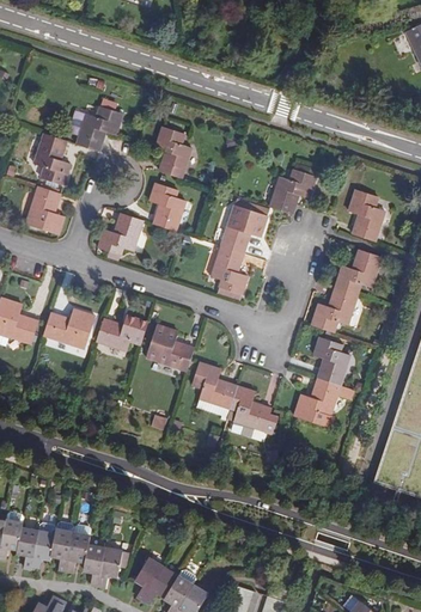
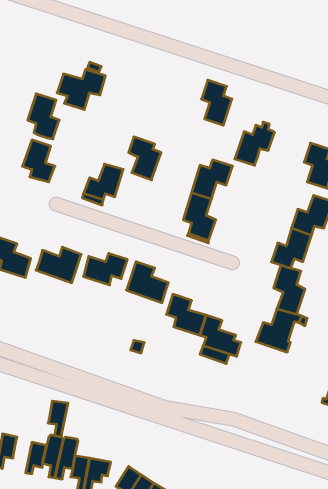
building: [155,126,190,177] -> [201,80,232,125]
building: [16,527,38,568] -> [48,401,68,437]

